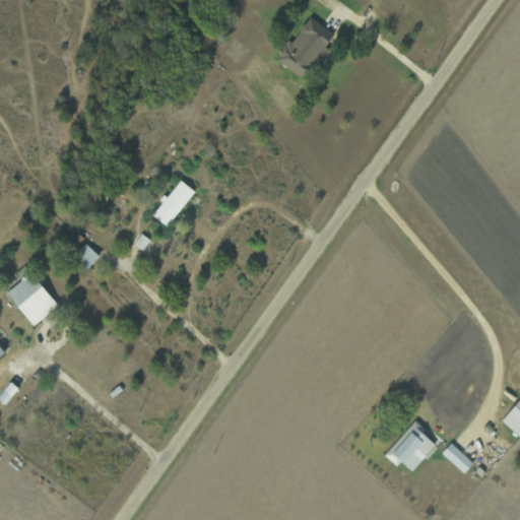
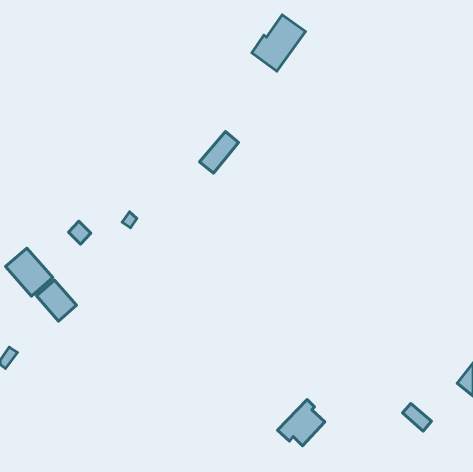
building: [152,179,195,224] -> [199,131,238,173]
building: none -> [36,280,76,321]
building: [384,420,436,471] -> [278,399,325,446]

